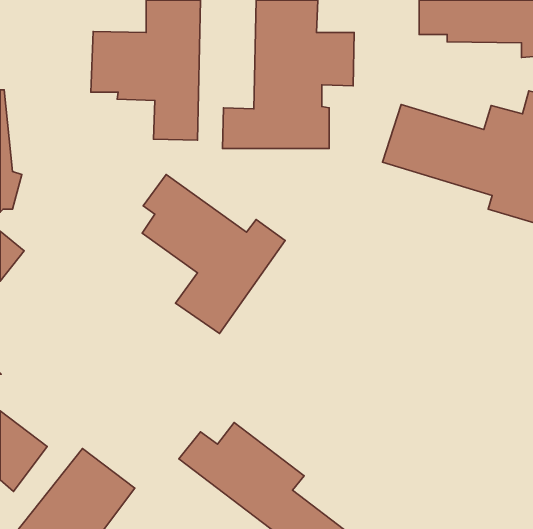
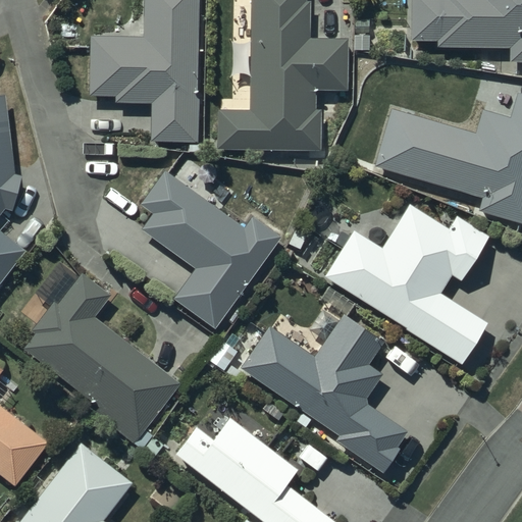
building: none -> [322,205,485,361]
building: none -> [23,262,179,442]
building: none -> [241,313,406,472]

